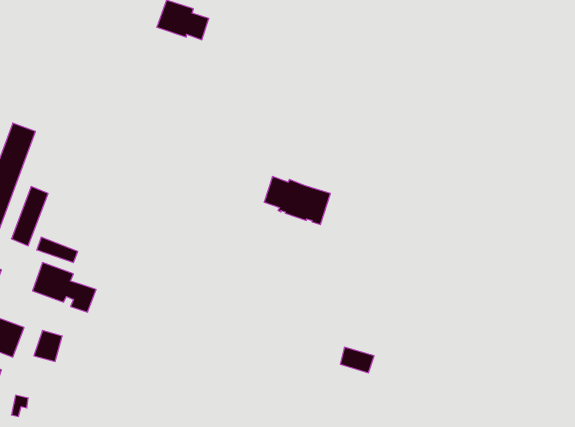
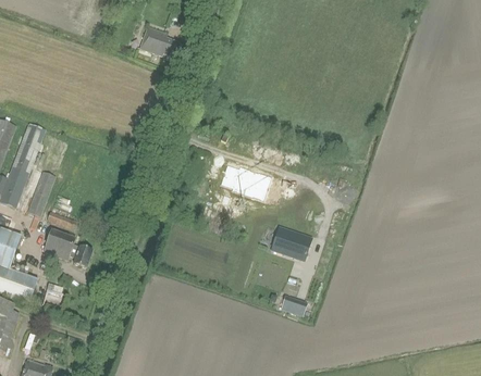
building: none -> [271,226,312,261]

